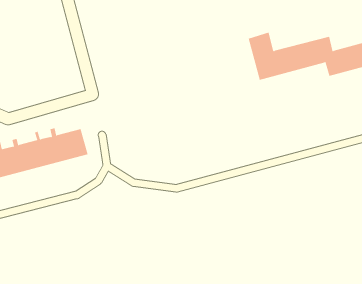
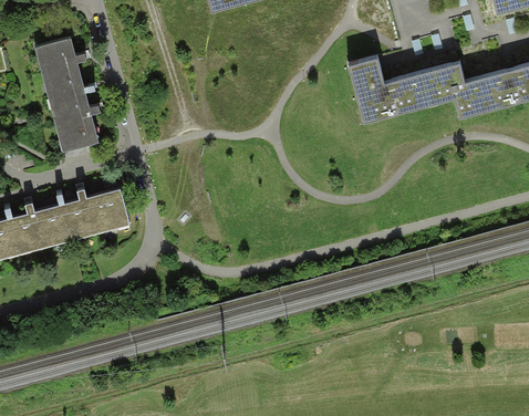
building: none -> [35,37,101,150]

